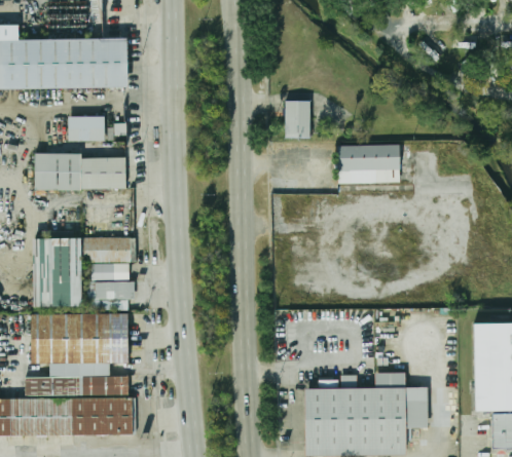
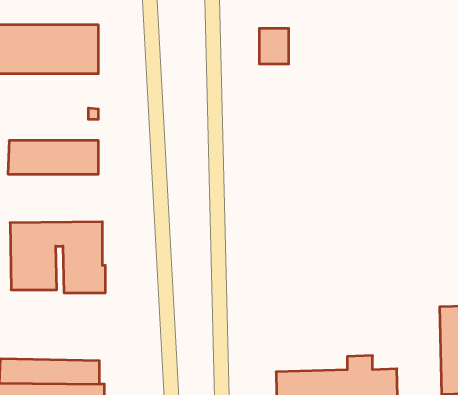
building: [283,101,313,137] -> [259,28,289,64]
building: [68,116,104,141] -> none
building: [337,145,402,183] -> none
building: [31,314,127,363] -> none

